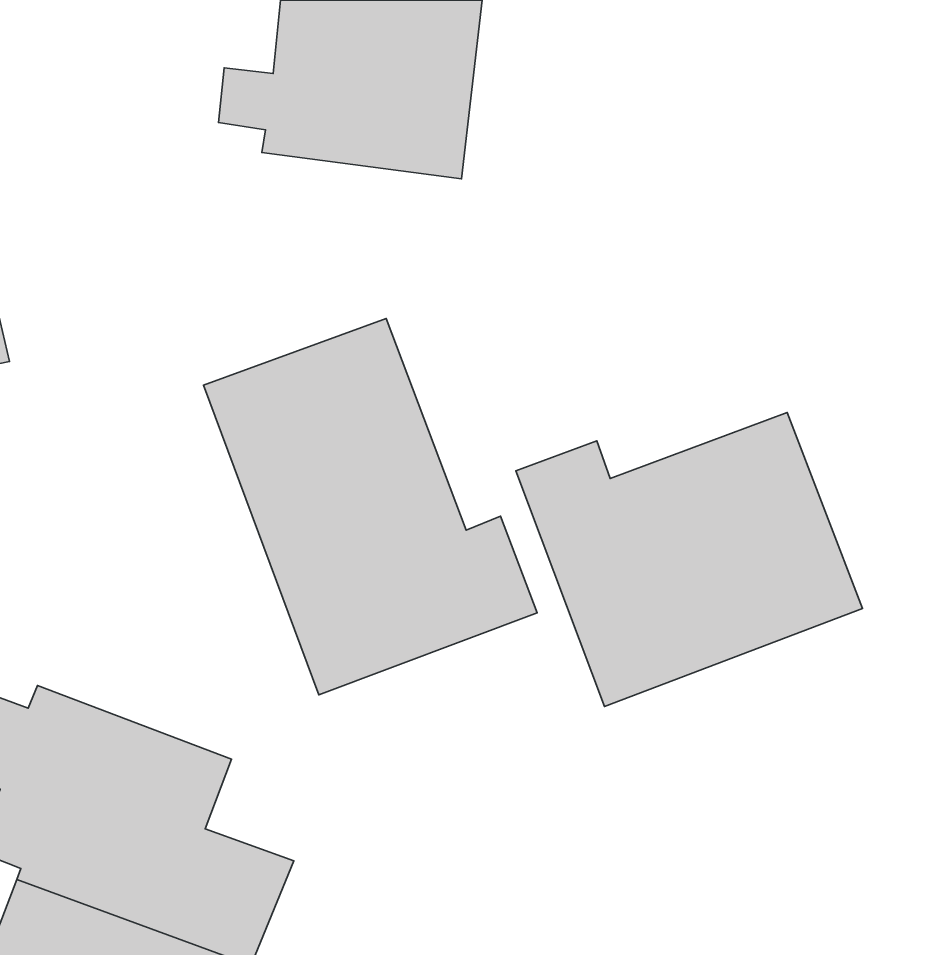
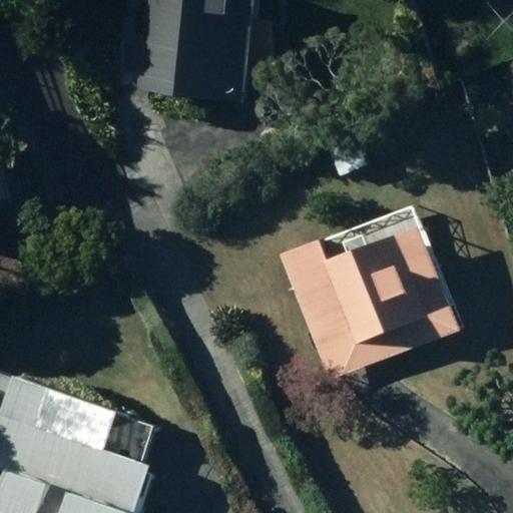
building: [203,319,537,695] -> none

